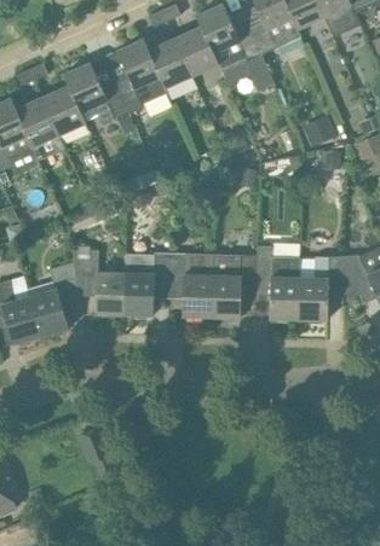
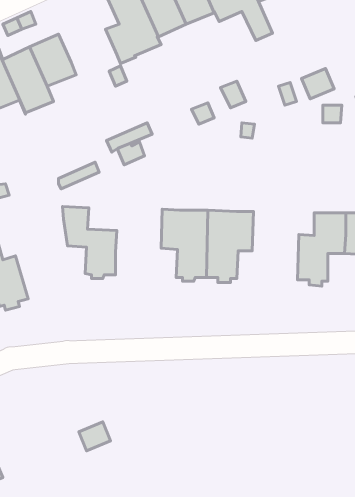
building: [64,60,128,124] -> none
building: [254,244,299,323] -> none
building: [123,251,168,320] -> none
building: [28,261,79,338] -> none

